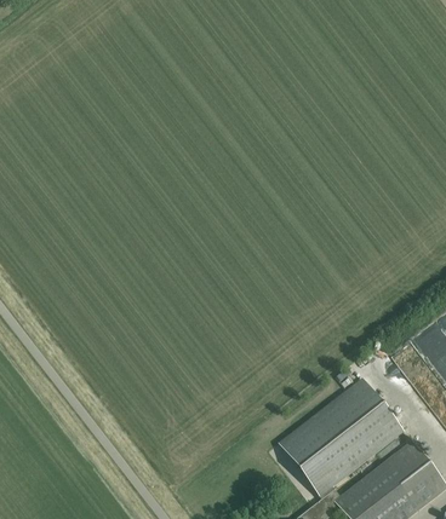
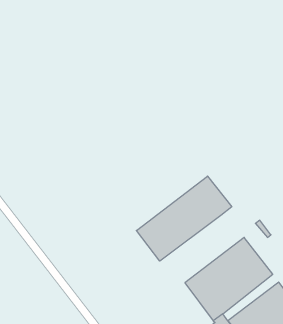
building: none -> [136,176,232,261]

